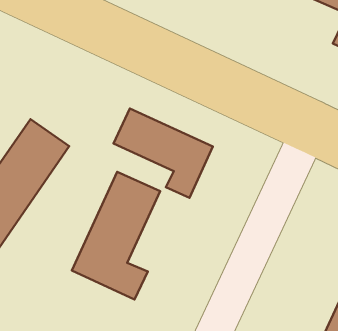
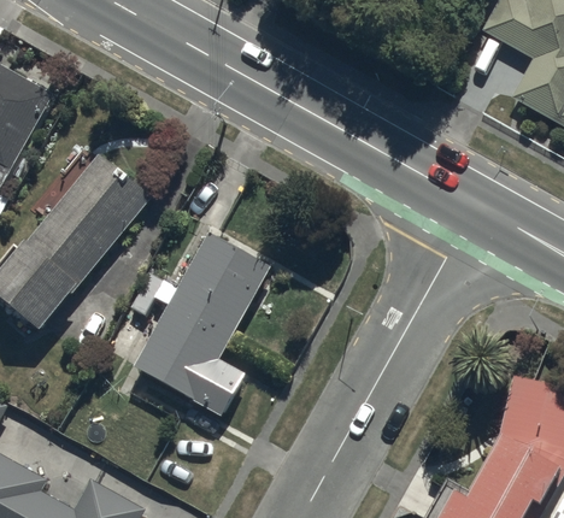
building: [114,108,213,198] -> none

